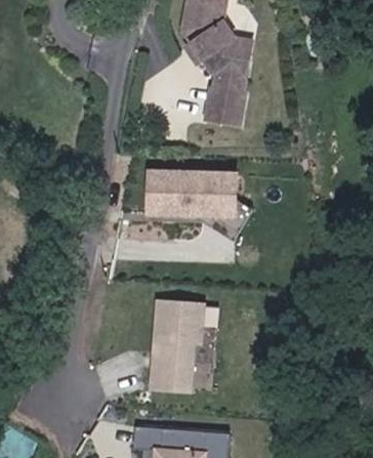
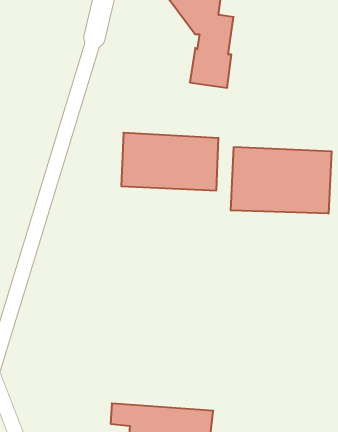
building: none -> [231,147,331,214]
building: [148,299,217,389] -> none

